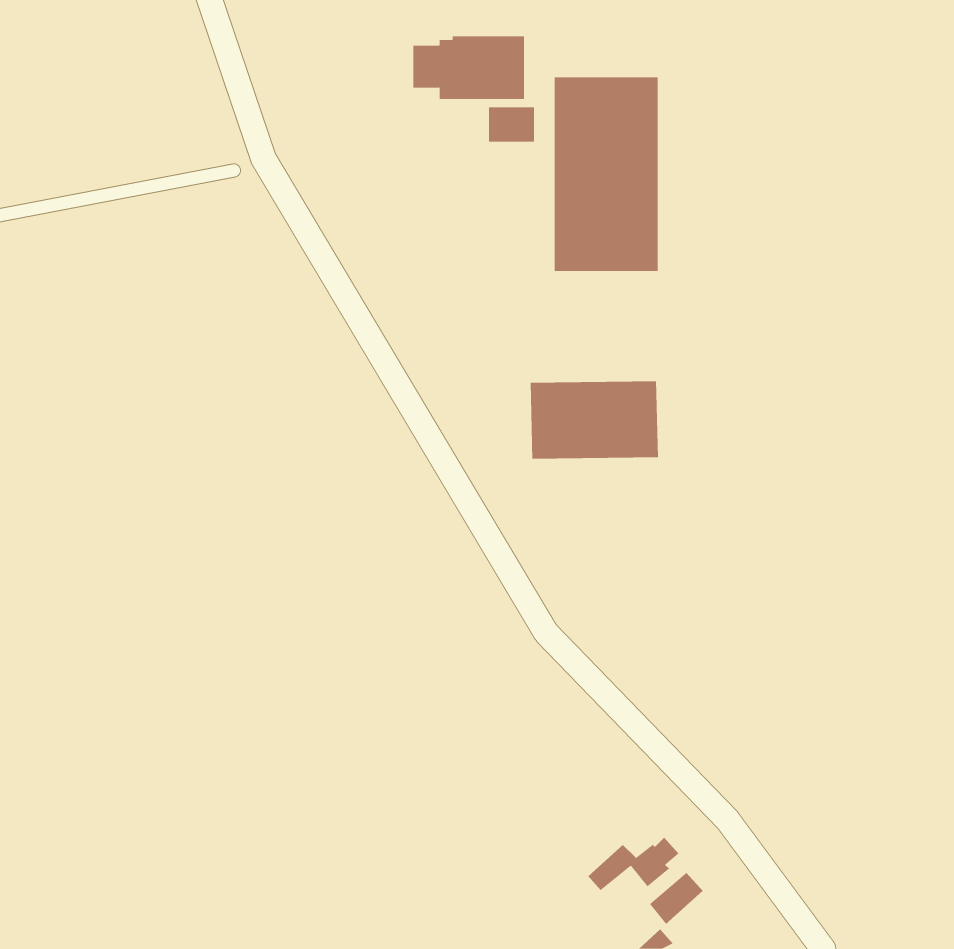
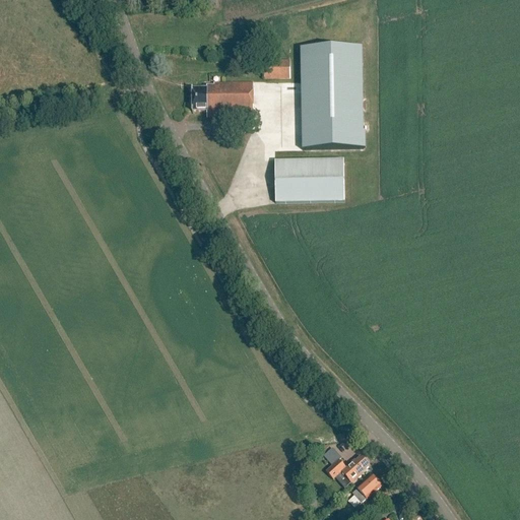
building: [413,36,525,99] -> [193,80,254,115]
building: [530,381,659,459] -> [275,157,345,200]

